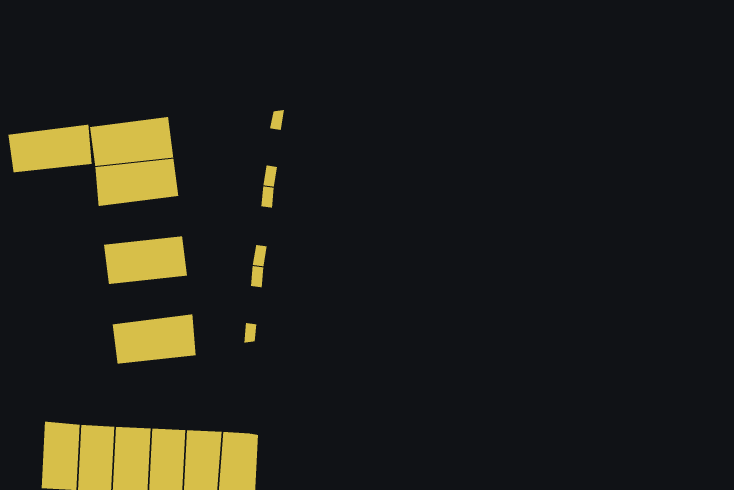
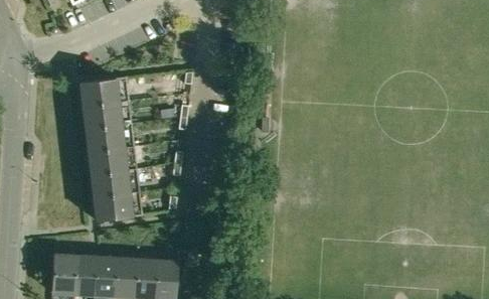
building: [8,124,92,173] -> [85,123,134,151]
building: none -> [91,169,140,197]

